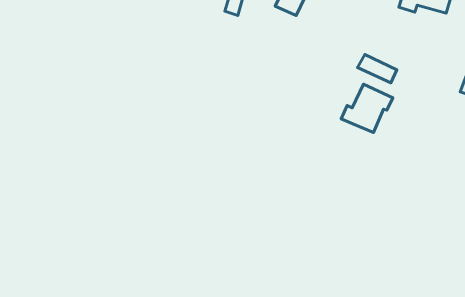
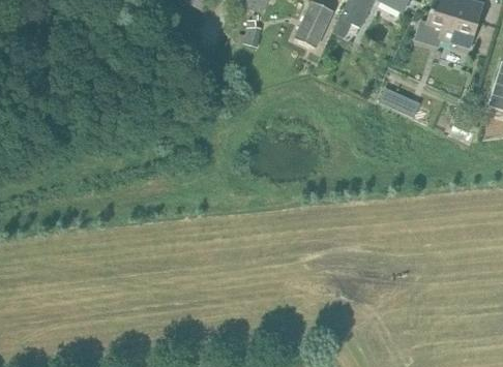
building: [341,84,393,133] -> none

